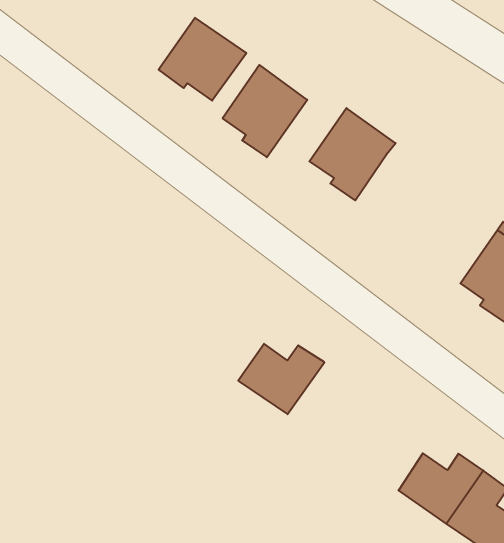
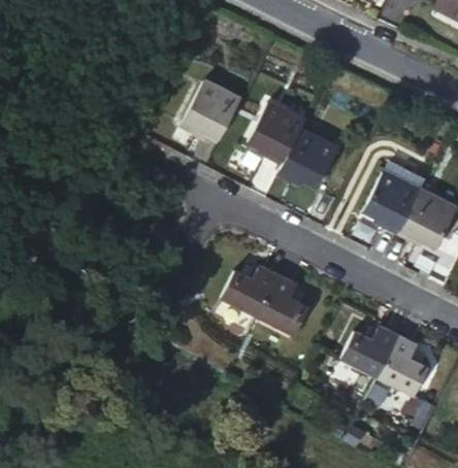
building: [159,18,246,101] -> none
building: none -> [279,127,338,186]
building: none -> [257,276,307,335]

